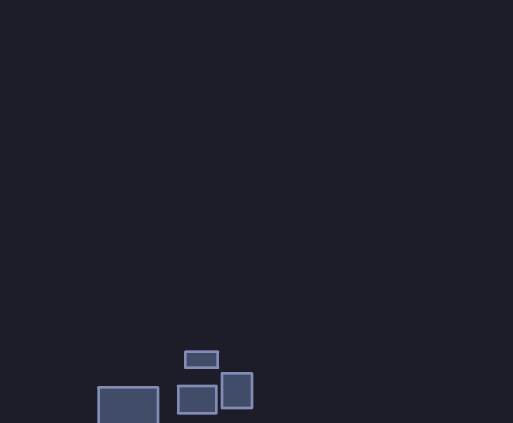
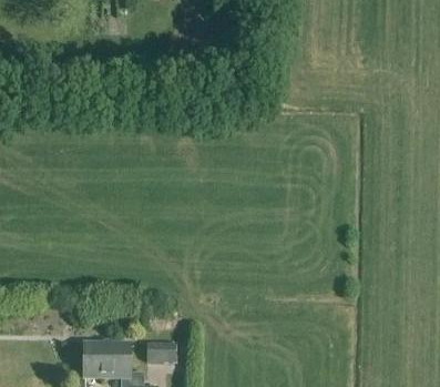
building: [222,373,252,408] -> none

